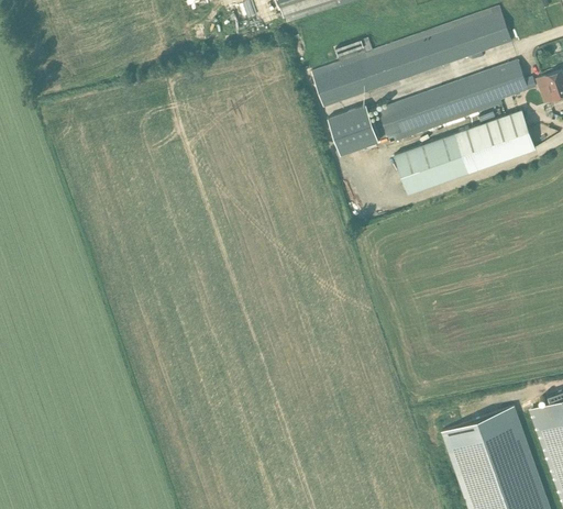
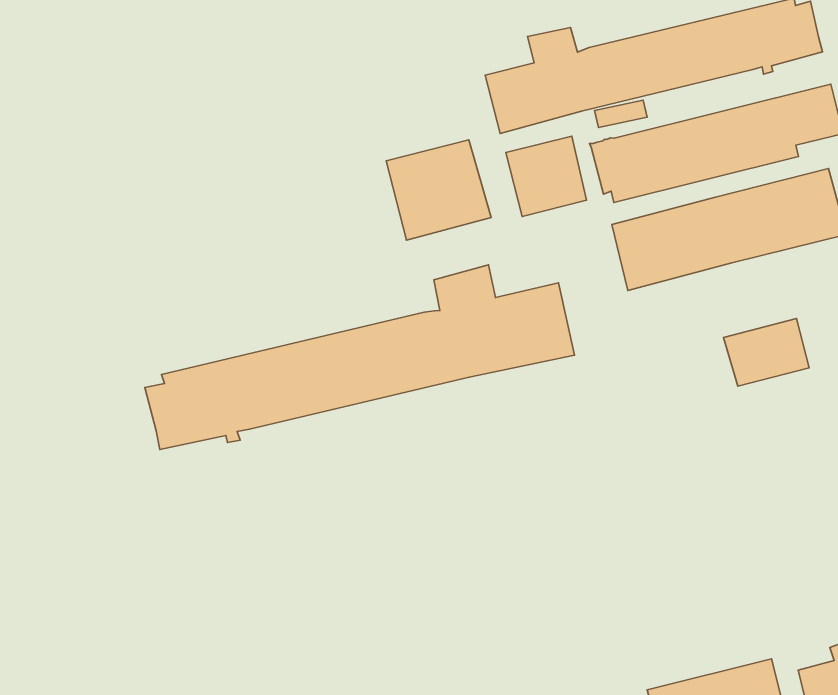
building: none -> [386,140,491,240]
building: none -> [145,265,574,450]
building: none -> [724,318,809,386]

